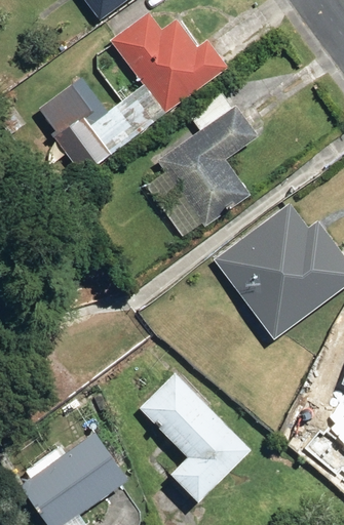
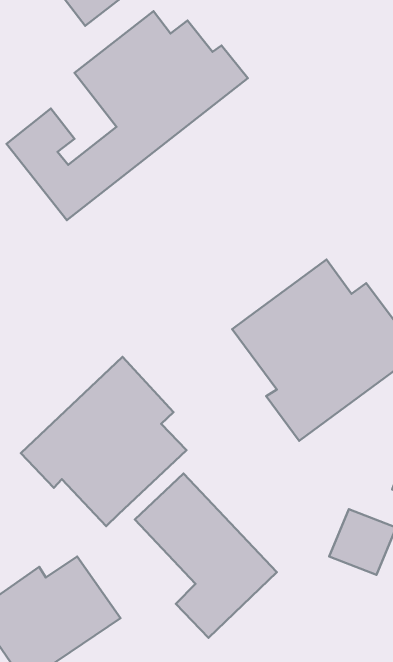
building: [148,87,257,239] -> none
building: none -> [21,357,186,526]

